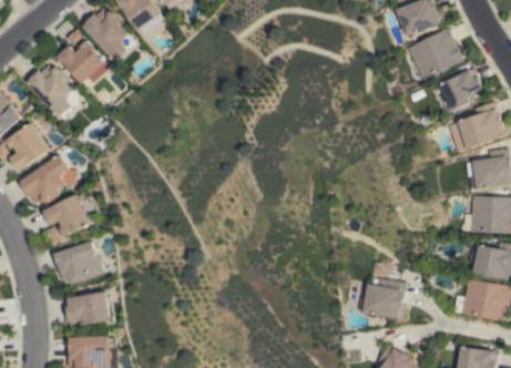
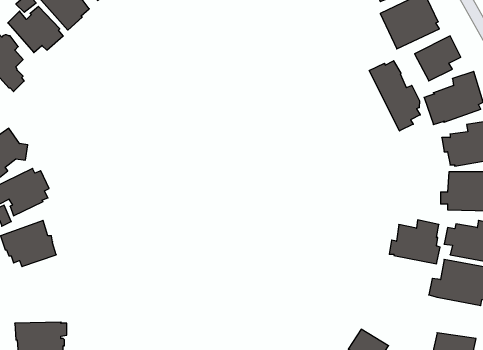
building: none -> [369,61,420,131]
building: [358,279,406,320] -> [389,220,440,264]
building: [63,293,110,326] -> none

